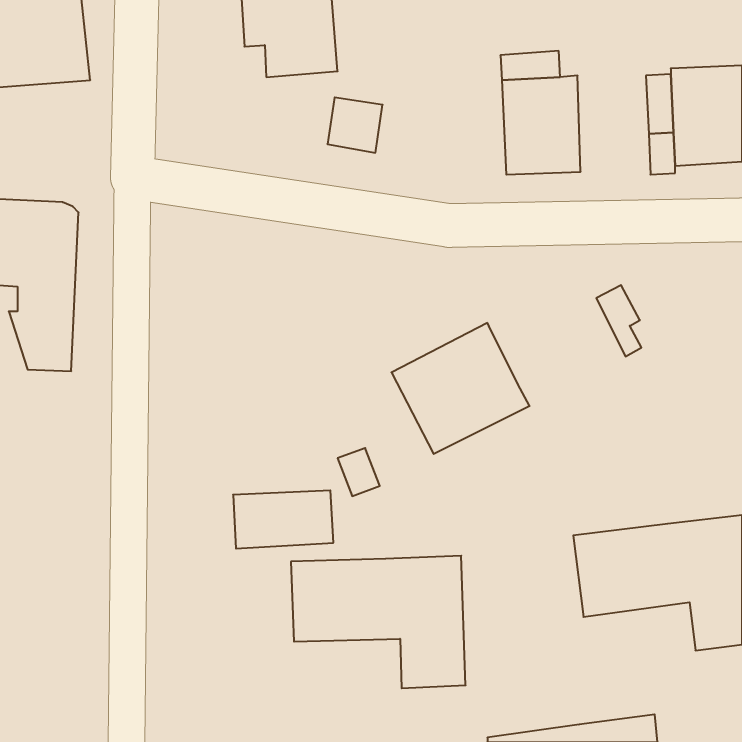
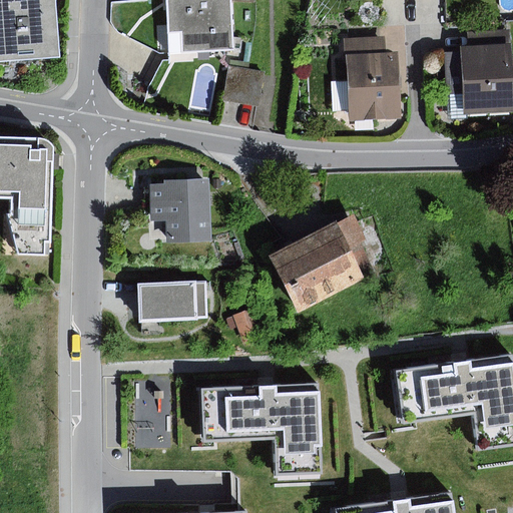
building: none -> [150,178,210,242]
building: [596,285,641,356] -> [337,215,368,265]
building: [233,490,333,549] -> [138,281,207,321]

